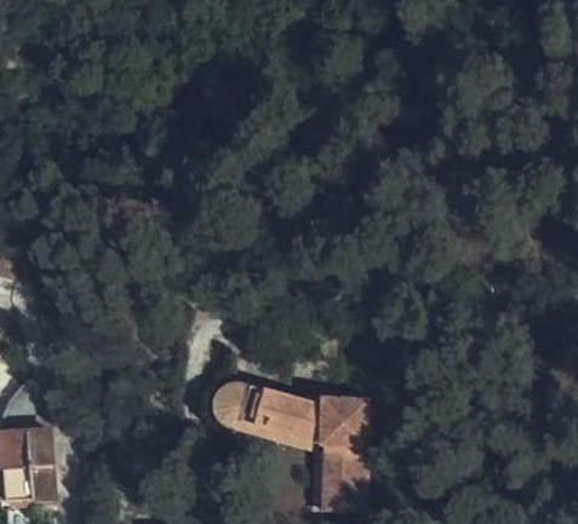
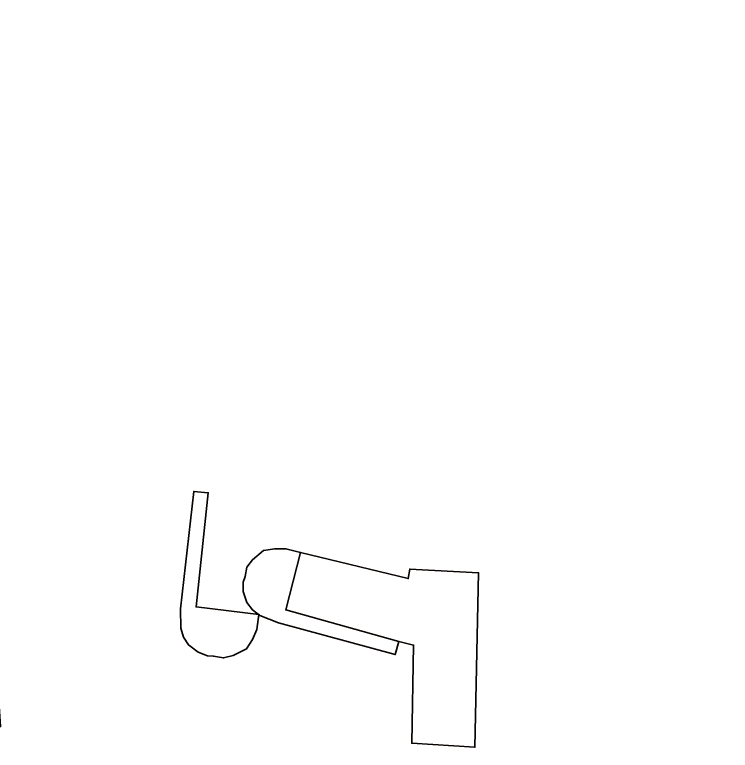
building: none -> [180,491,259,658]

